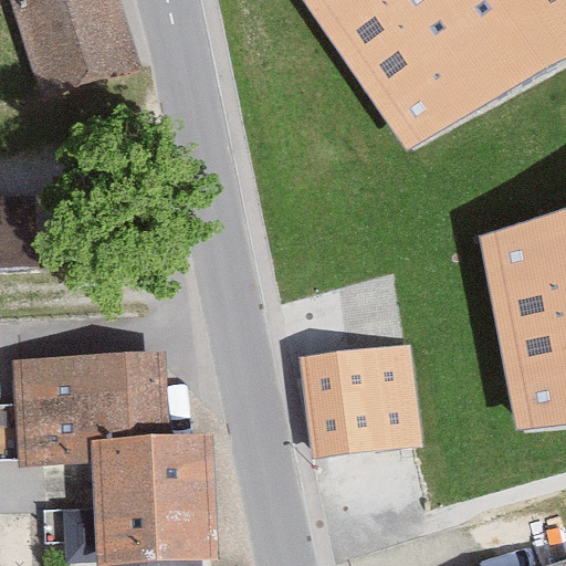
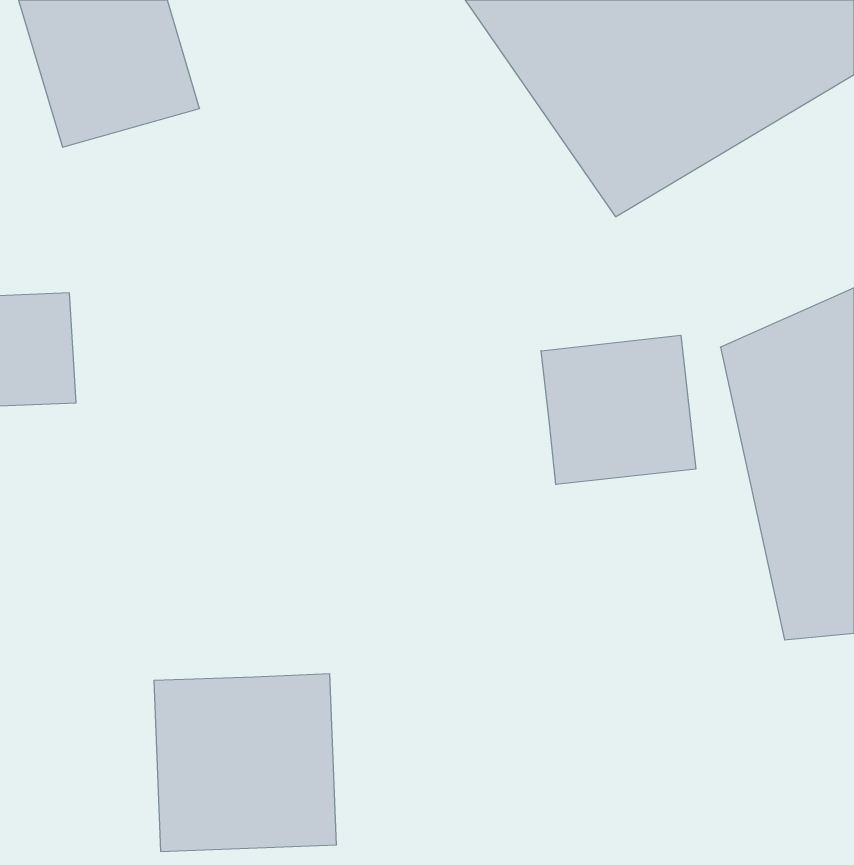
building: none -> [541,335,696,485]
building: [311,346,422,457] -> none
building: [19,355,166,467] -> none

